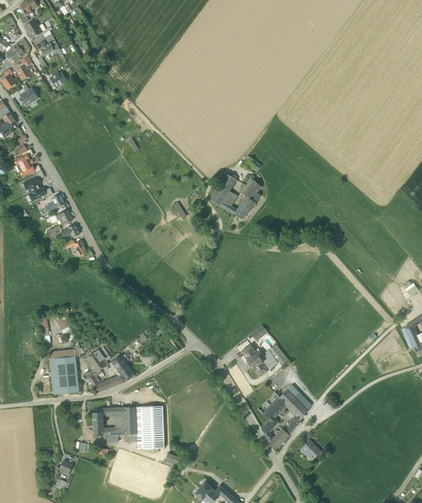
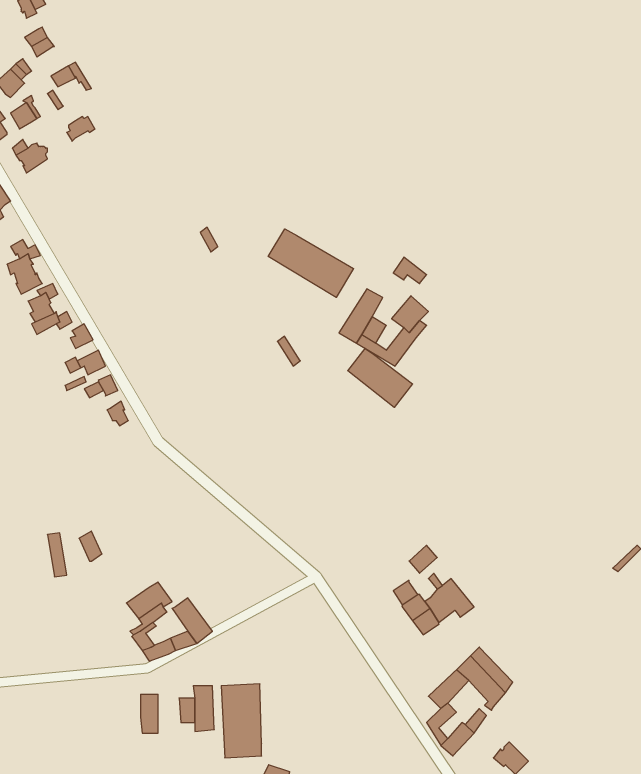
building: none -> [268,229,354,297]
building: none -> [348,348,413,407]
building: [48,349,78,395] -> none

